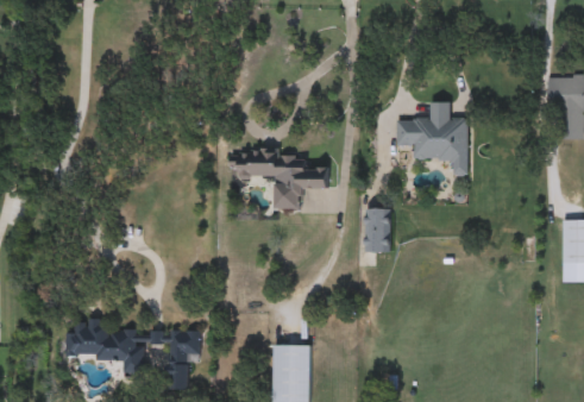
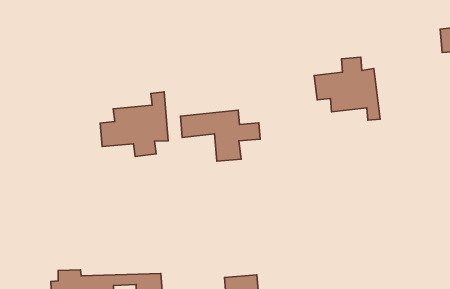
building: none -> [100,92,168,156]
building: [365,208,391,252] -> none

